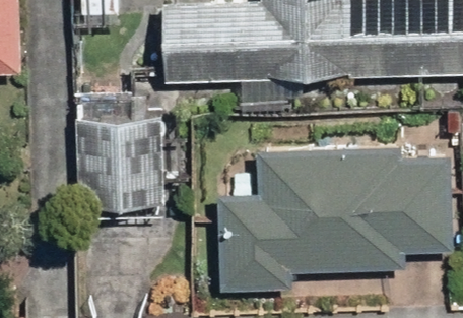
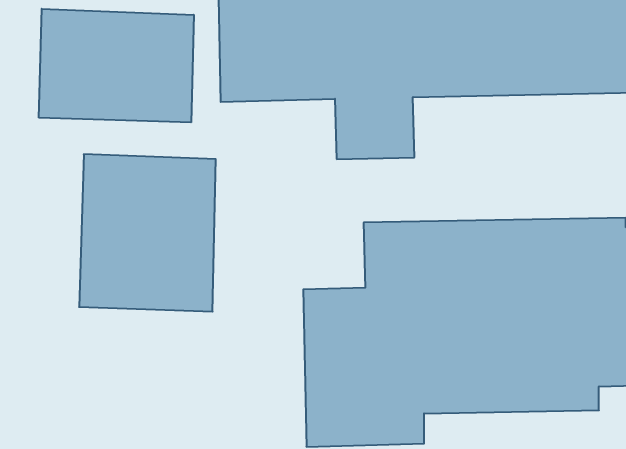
building: none -> [39,9,194,122]

